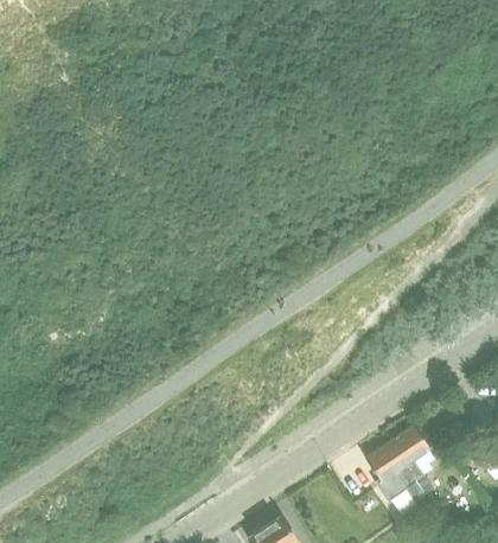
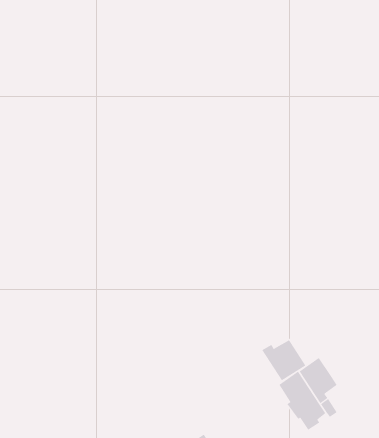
building: none -> [261,339,306,381]

